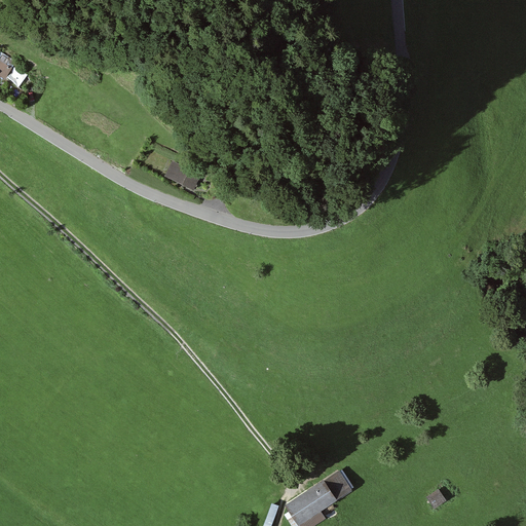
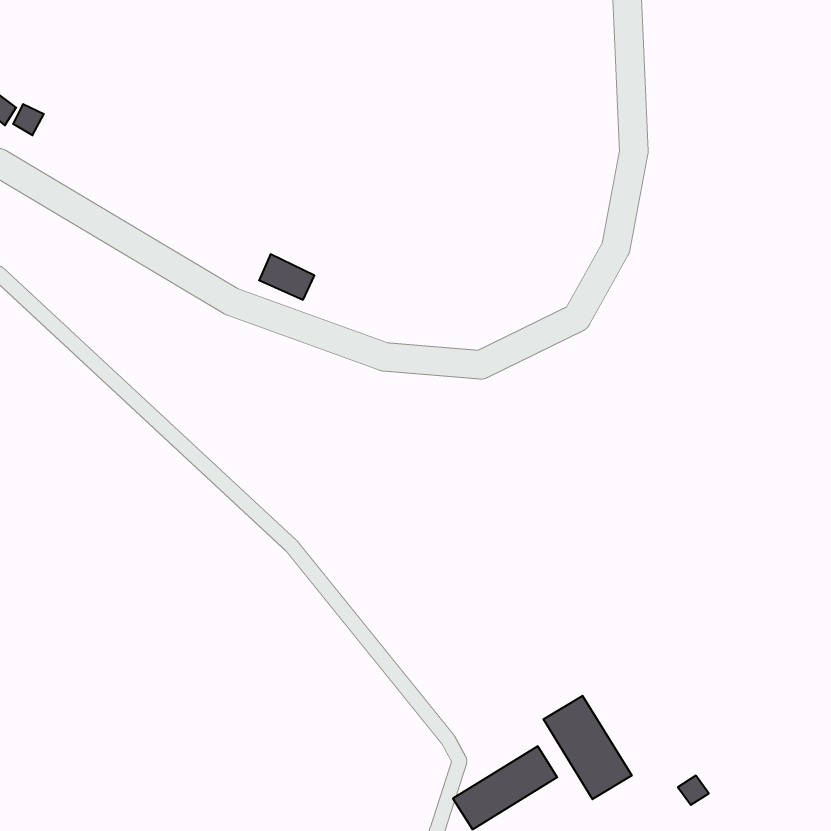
building: none -> [543,696,632,799]

